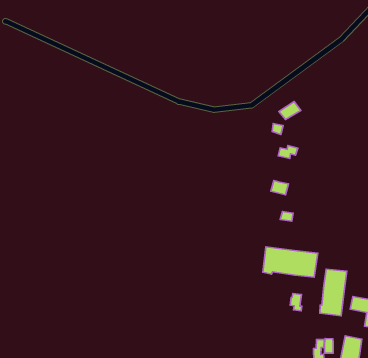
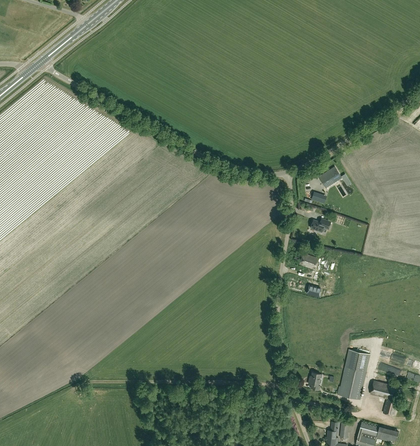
building: [263,247,318,277] -> none

